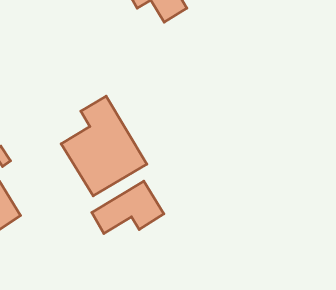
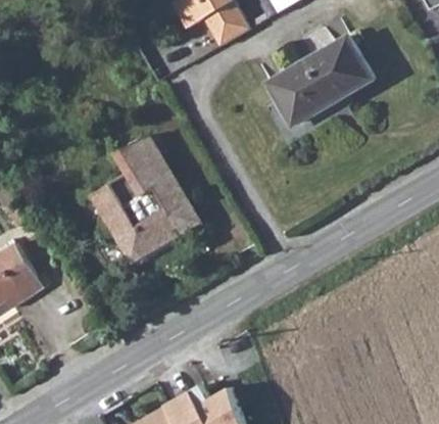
building: none -> [267,36,375,126]
building: [92,181,164,233] -> none

